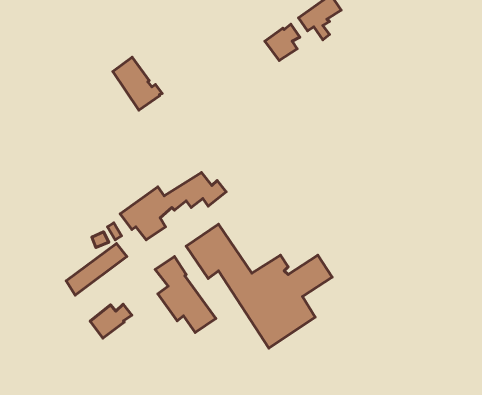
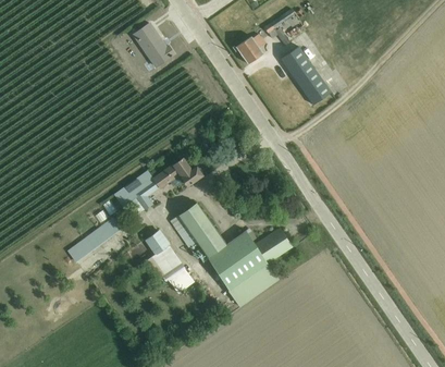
building: none -> [281,46,331,105]
building: [113,57,162,110] -> [133,23,174,68]
building: [90,304,132,338] -> none

